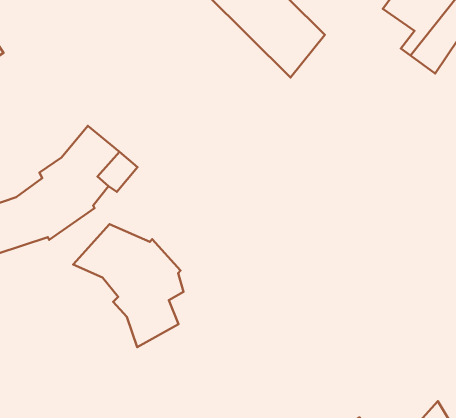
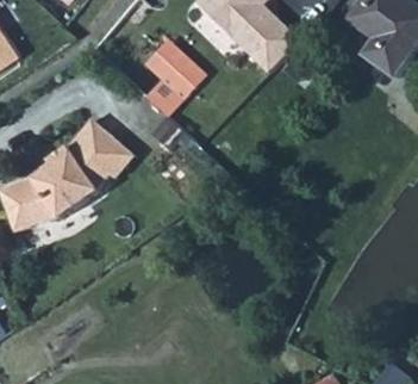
building: none -> [151,43,212,100]
building: [73,224,184,347] -> none

